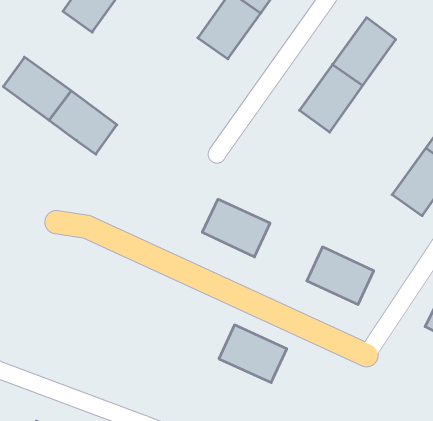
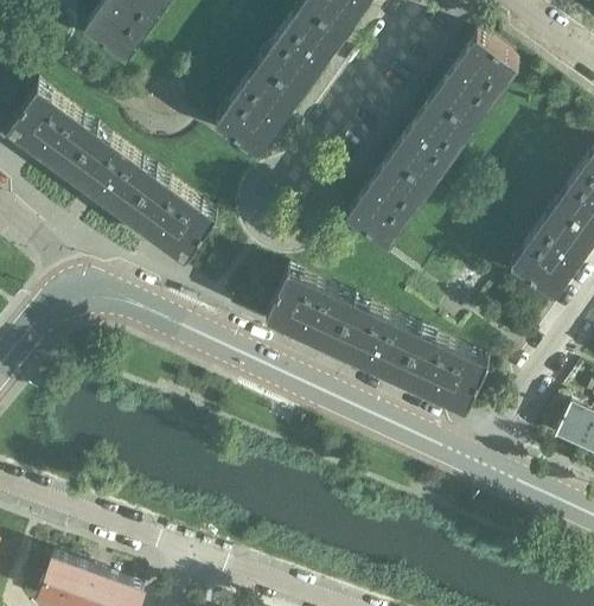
building: none -> [216,66,299,154]
building: none -> [349,160,430,248]
building: none -> [128,179,216,261]
building: [219,325,287,383] -> [333,306,421,381]

